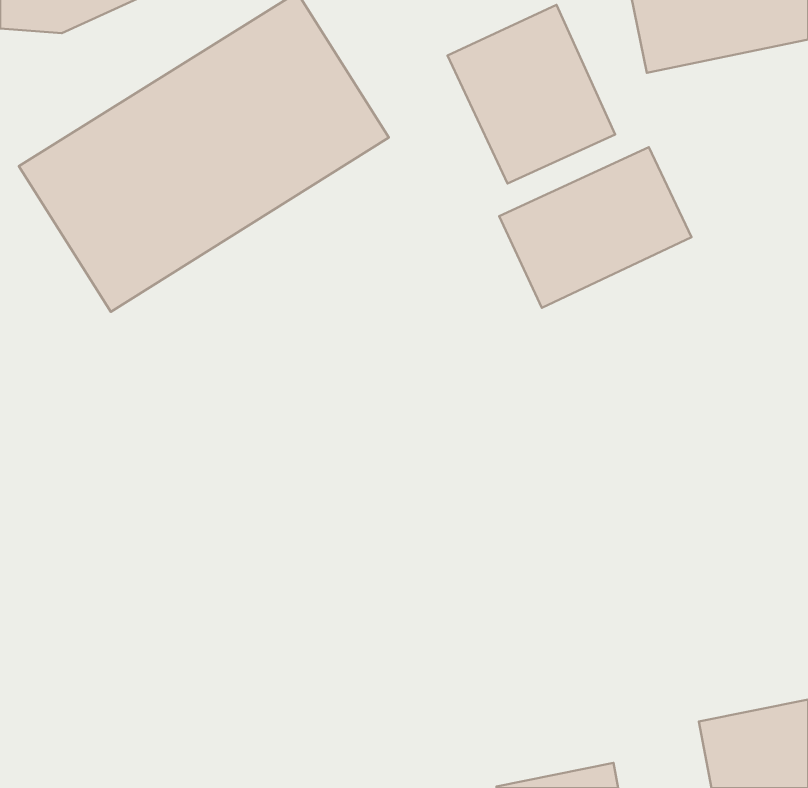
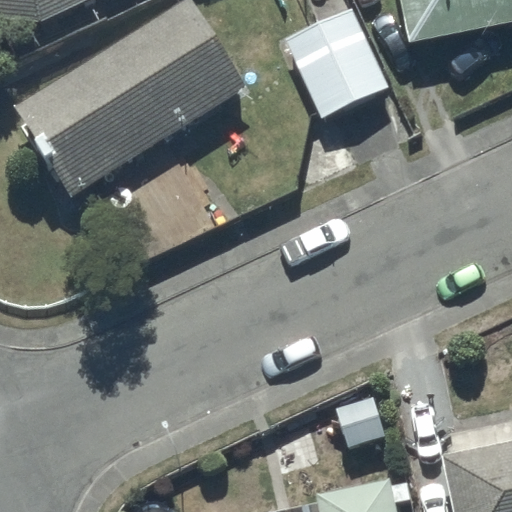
building: [499,147,692,308] -> none

